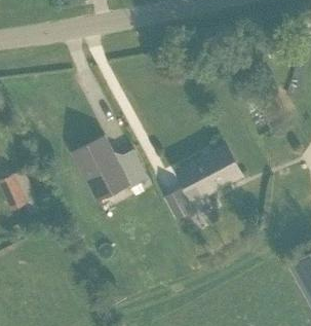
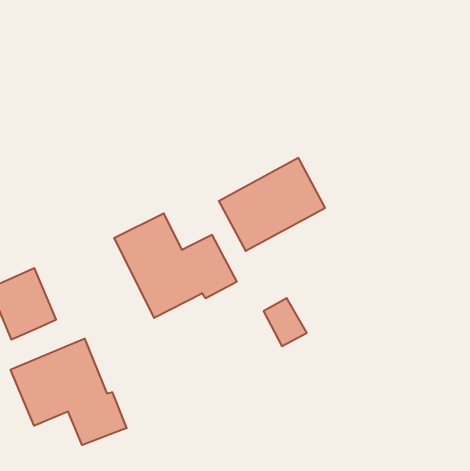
building: [178,145,243,203] -> [219,158,325,251]
building: none -> [11,339,127,445]

